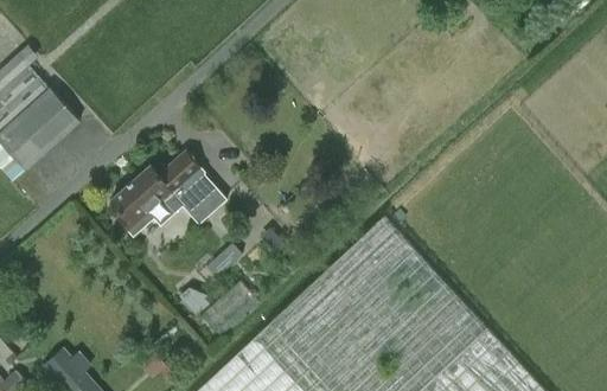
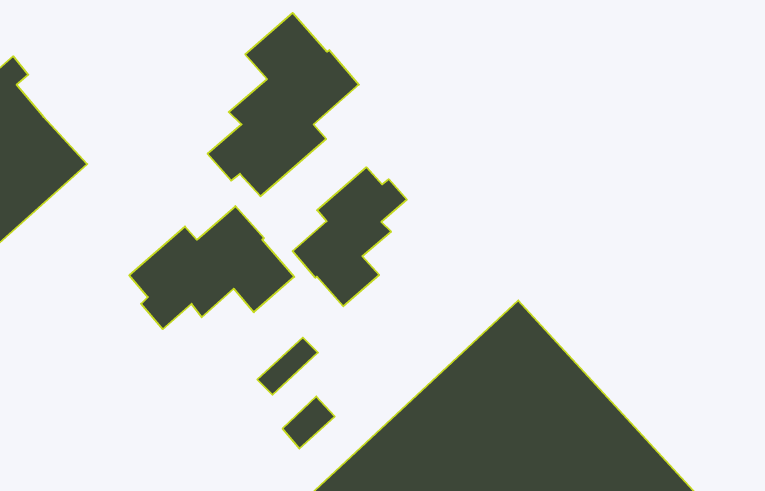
building: none -> [208,13,359,196]
building: none -> [293,167,407,306]

